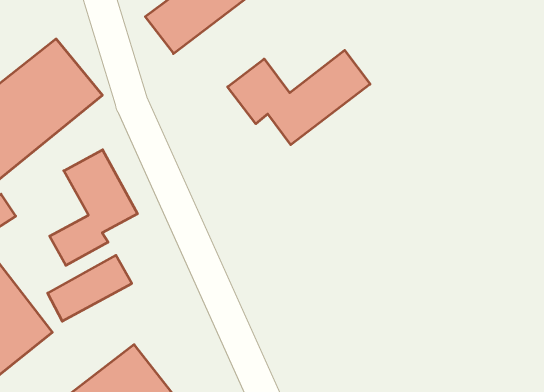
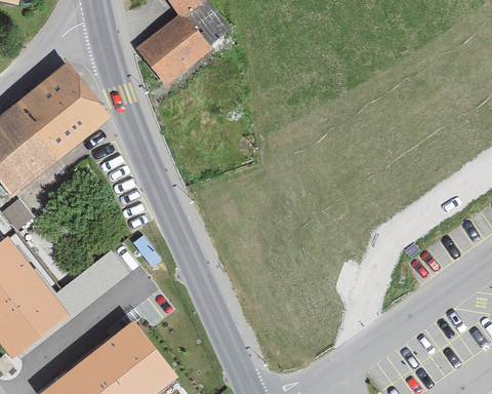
building: [228,50,370,145] -> none
building: [50,150,137,265] -> none

